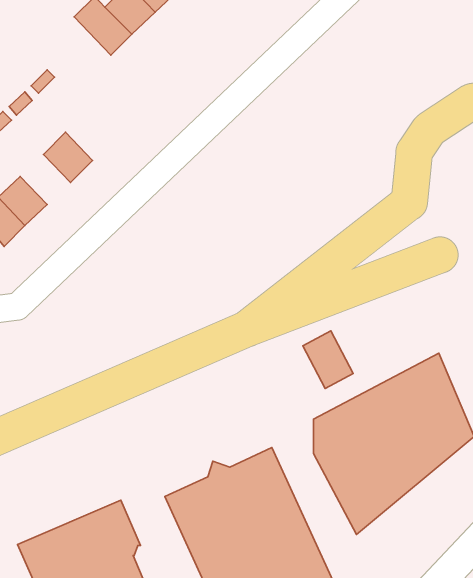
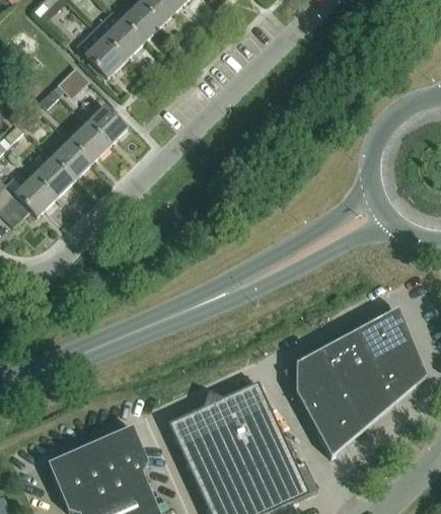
building: none -> [76,27,125,76]
building: none -> [87,105,129,146]
building: none -> [50,141,91,182]
building: [303,331,353,388] -> none

